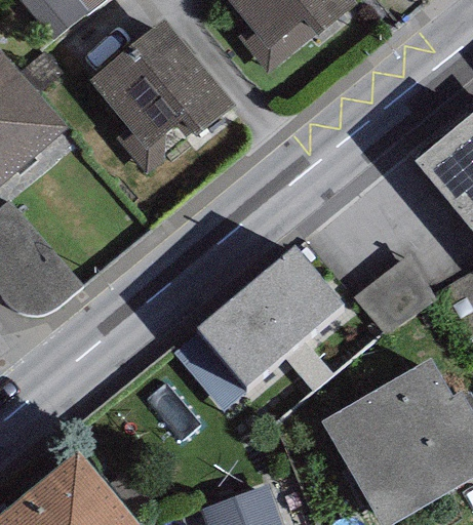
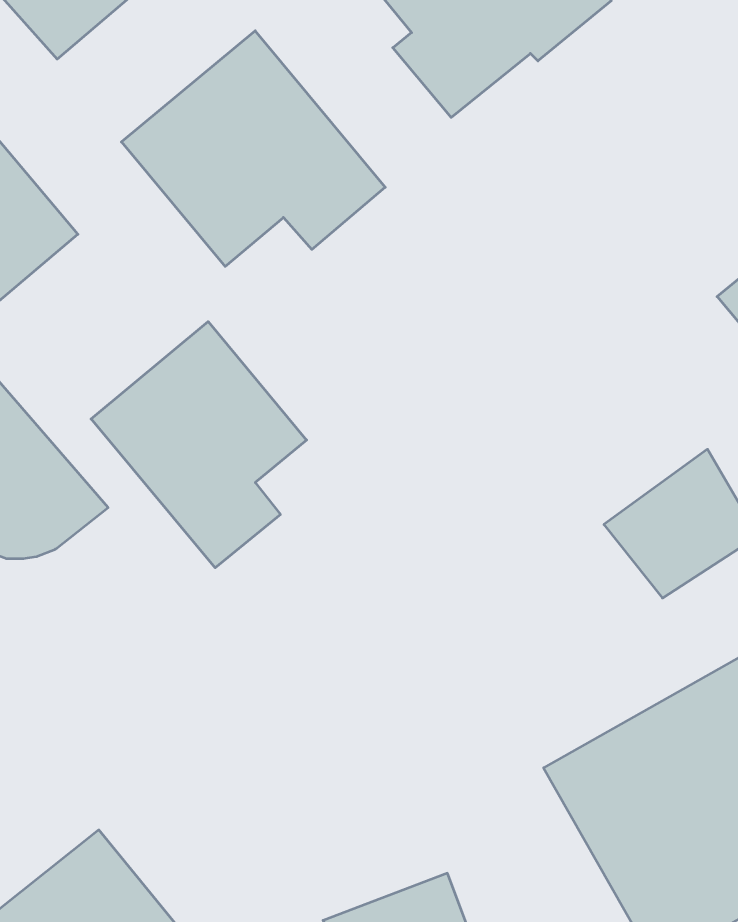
building: none -> [91,322,307,568]
building: [173,252,344,404] -> none

